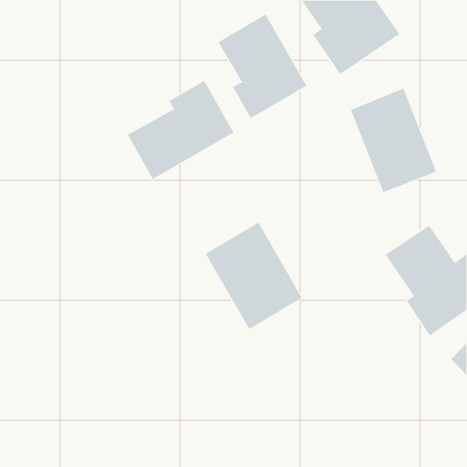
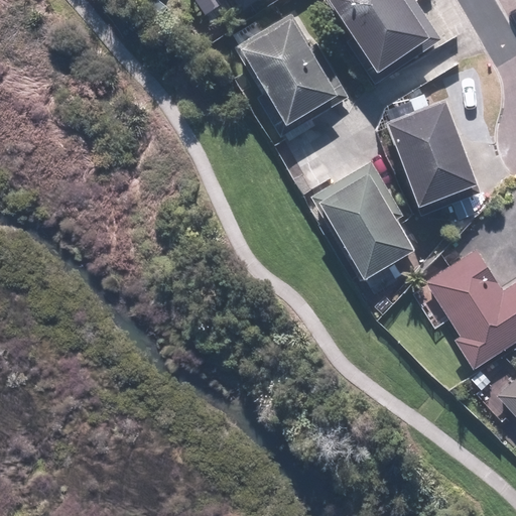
building: [127,80,234,180] -> none
building: [205,222,303,330] -> [310,161,418,280]

